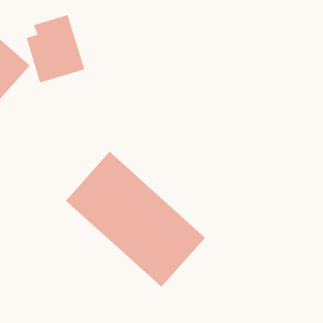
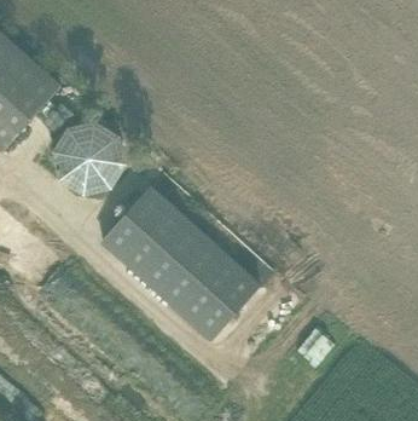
building: [26,14,85,83] -> [43,117,111,196]

